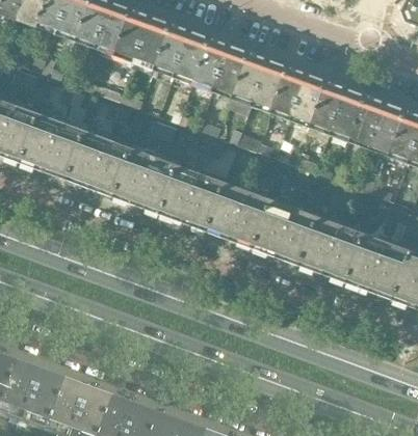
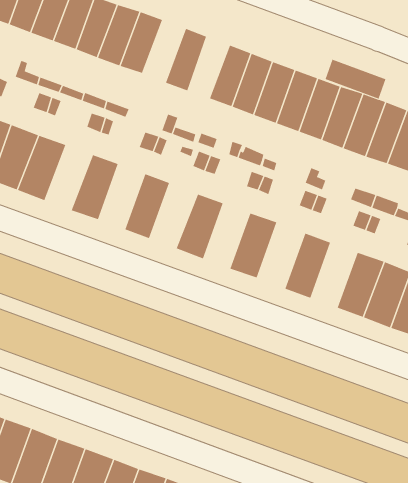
building: [155,22,192,77] -> none
building: [194,36,231,90] -> none
building: none -> [325,59,386,99]
building: [70,131,111,188] -> none
building: [116,147,157,205] -> none
building: [161,164,203,221] -> none
building: [208,182,249,239] -> none
building: [255,198,296,256] -> none
building: [302,216,342,273] -> none

